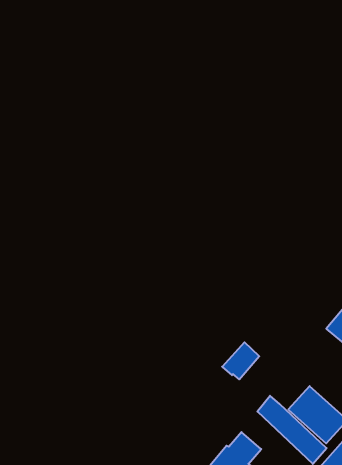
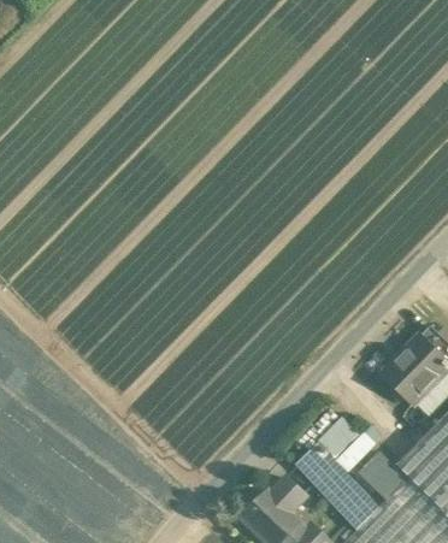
building: [222,342,259,379] -> [316,427,355,466]

